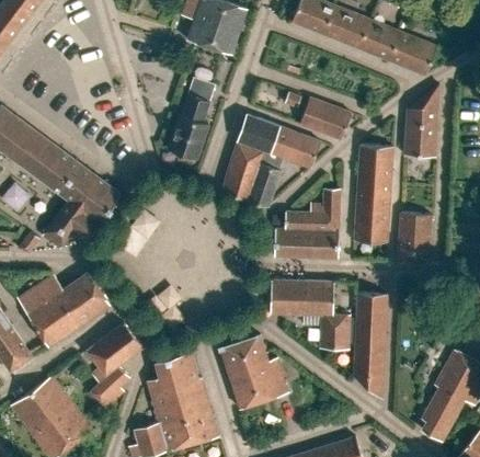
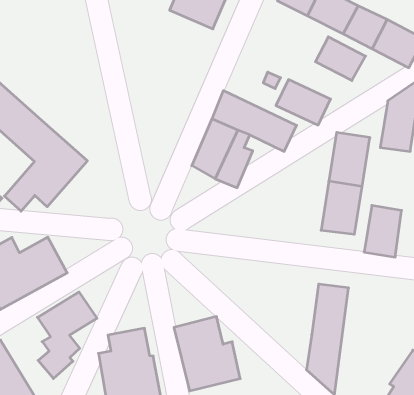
building: none -> [315,37,366,81]
building: [169,77,215,159] -> none
building: [274,188,340,258] -> none
building: [271,281,350,350] -> none

